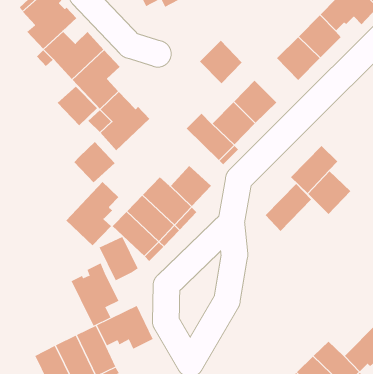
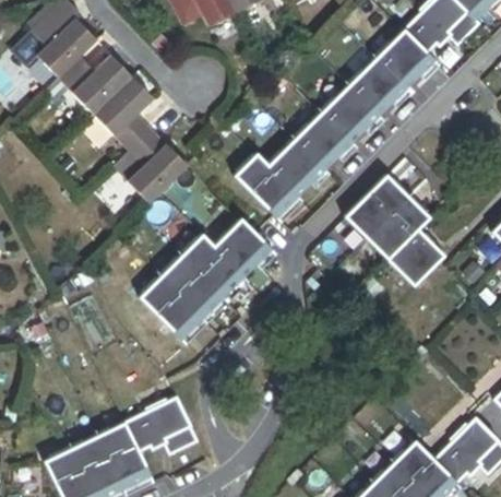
building: [199,40,243,84] -> [323,87,378,143]
building: [57,86,98,126] -> none
building: [74,141,116,183] -> none
building: [65,181,119,246] -> none
building: [265,183,312,232] -> [348,176,407,237]
building: [99,236,139,281] -> none
building: [71,263,119,326] -> none

